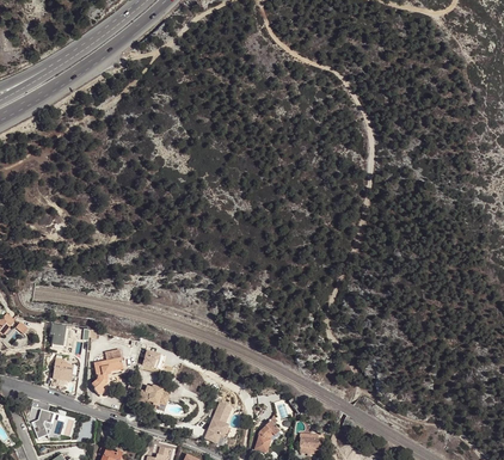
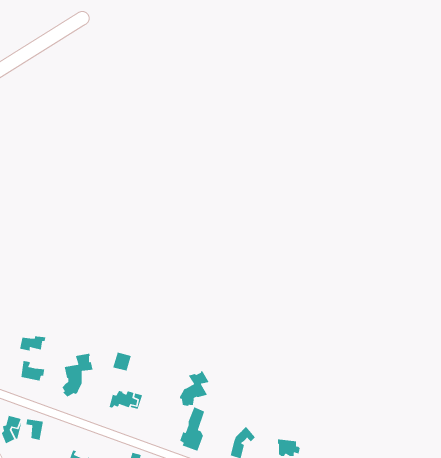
building: none -> [179,371,210,407]

